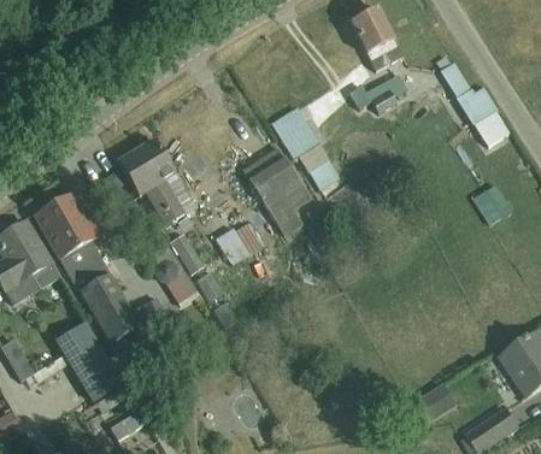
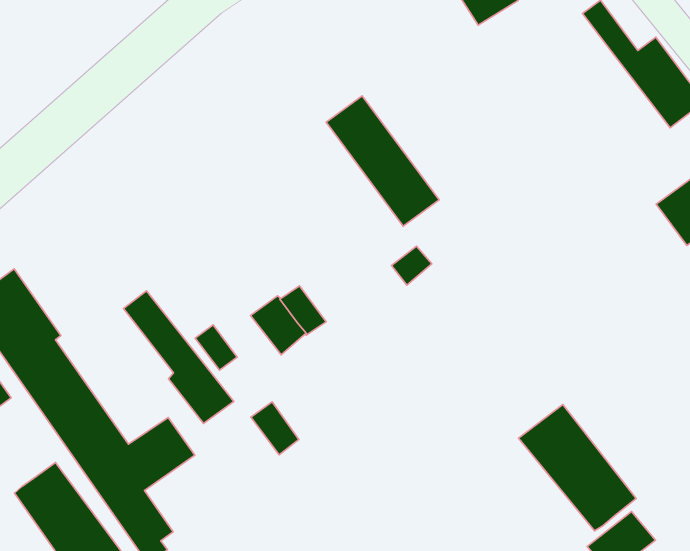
building: [349,75,406,113] -> none
building: [117,136,187,222] -> none
building: [248,147,311,238] -> none
building: none -> [518,405,636,531]

